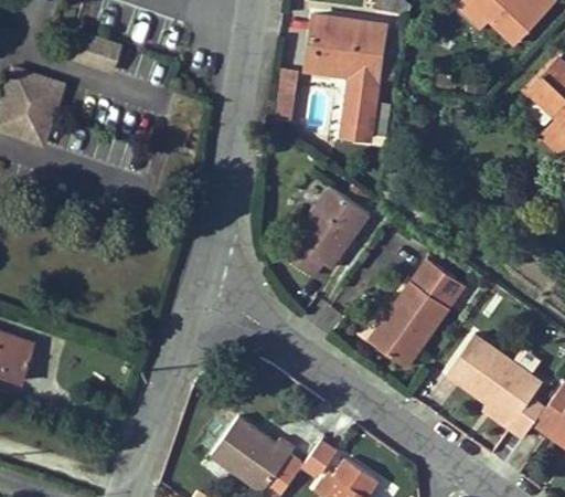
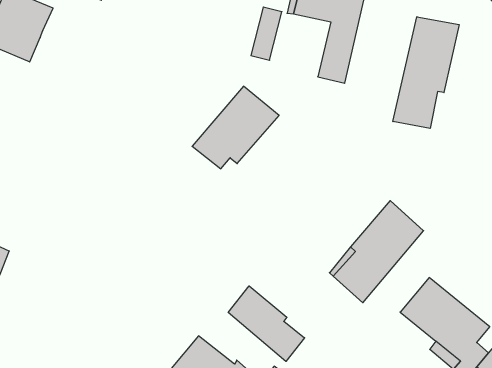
building: none -> [393,17,459,128]
building: [282,189,371,277] -> [192,86,279,169]
building: none -> [228,286,305,361]

